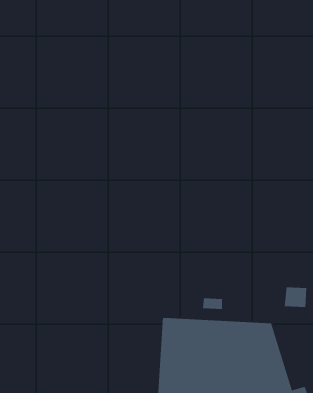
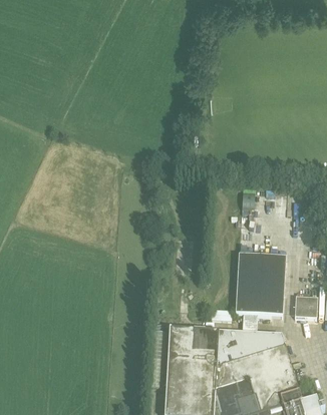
building: none -> [234,255,285,316]

